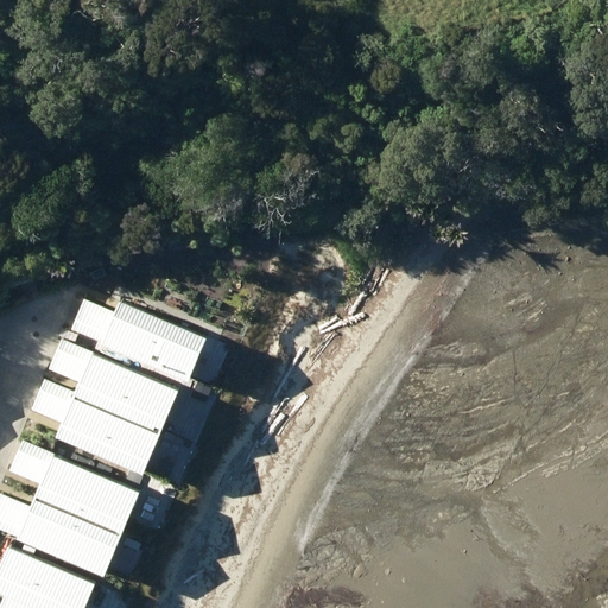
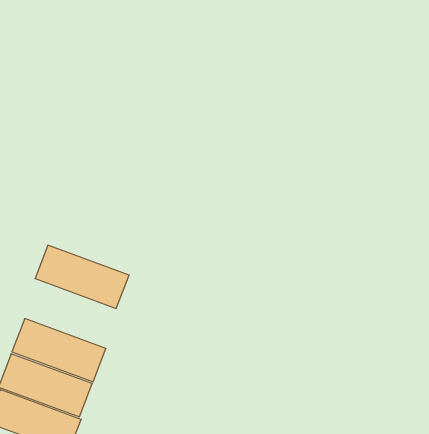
building: [68,294,197,384] -> none
building: [30,394,159,482] -> none

